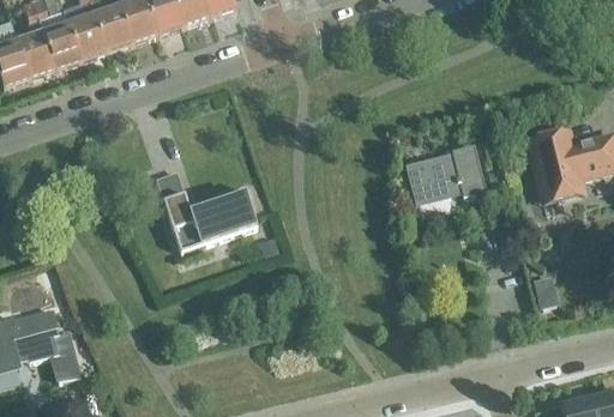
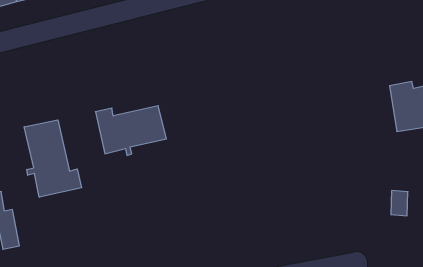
building: [405,146,487,205] -> none
building: none -> [24,120,81,197]

